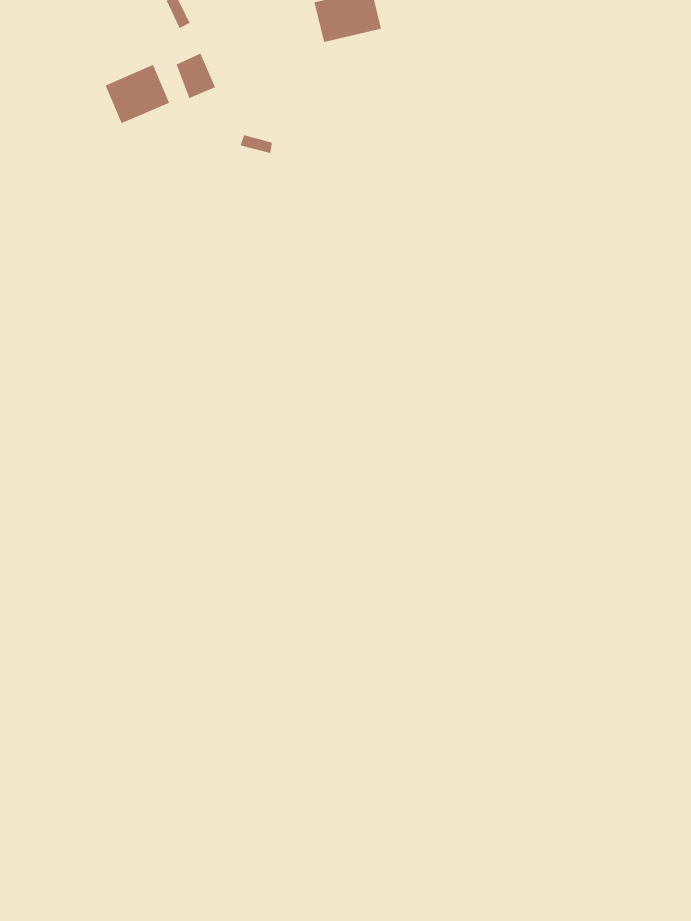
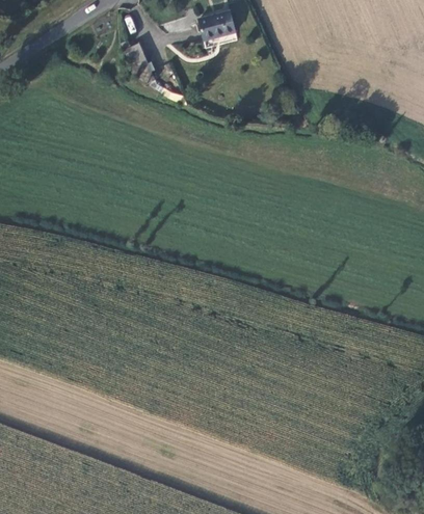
building: [104,64,170,124] -> none

